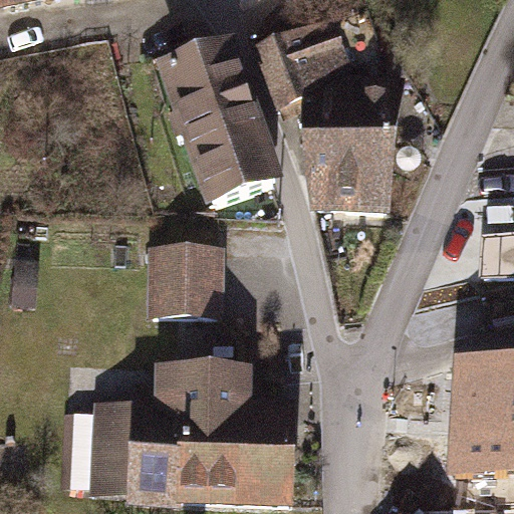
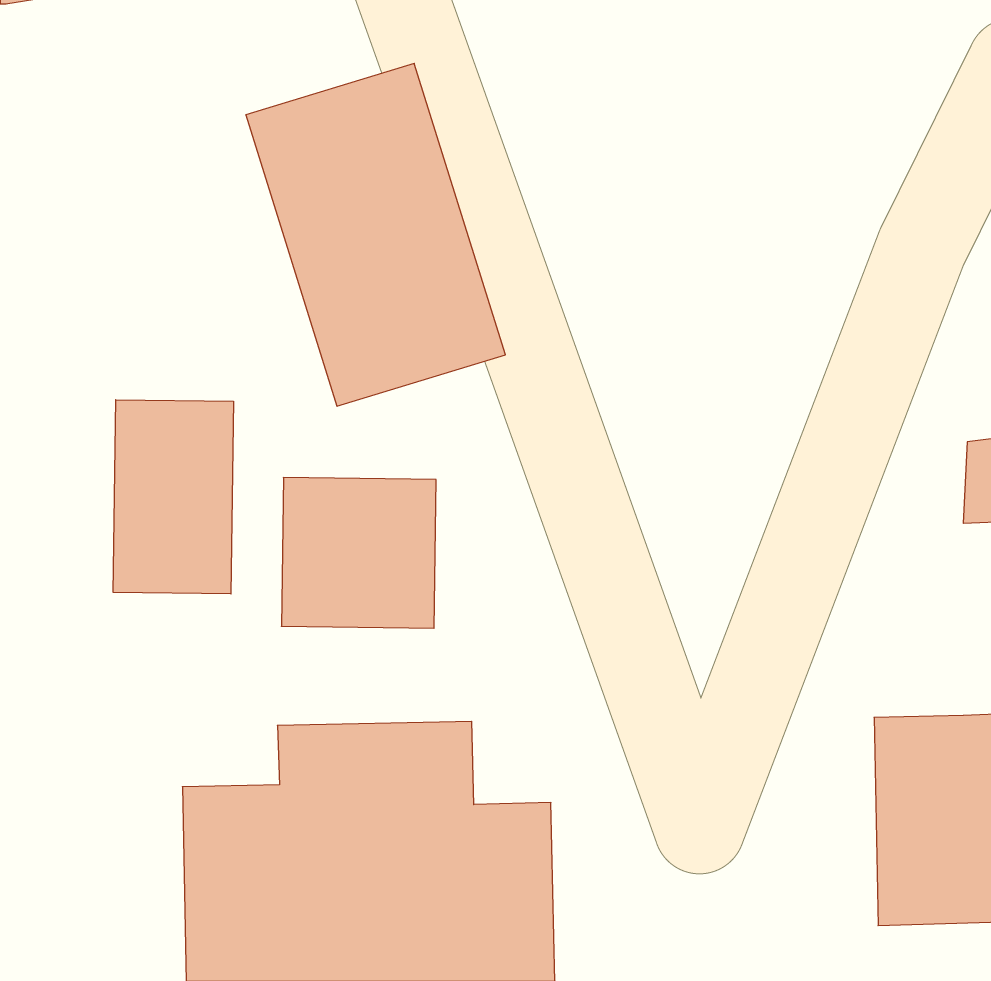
building: [262,13,389,216] -> none
building: none -> [113,400,233,594]

